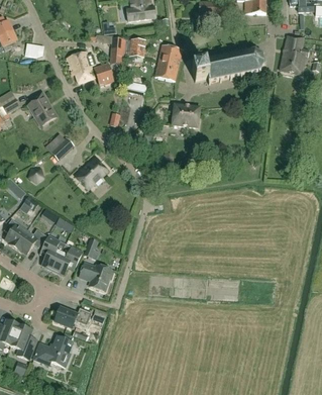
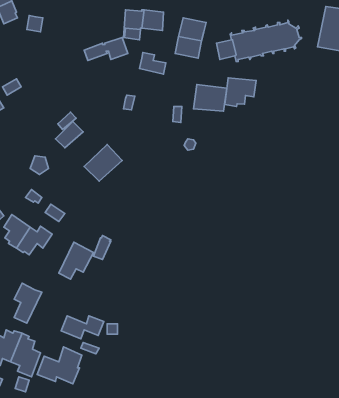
building: [67,50,96,74] -> none
building: [28,91,57,125] -> none
building: none -> [225,78,256,107]
building: [41,233,66,269] -> [14,283,42,323]
building: [79,261,113,289] -> none

